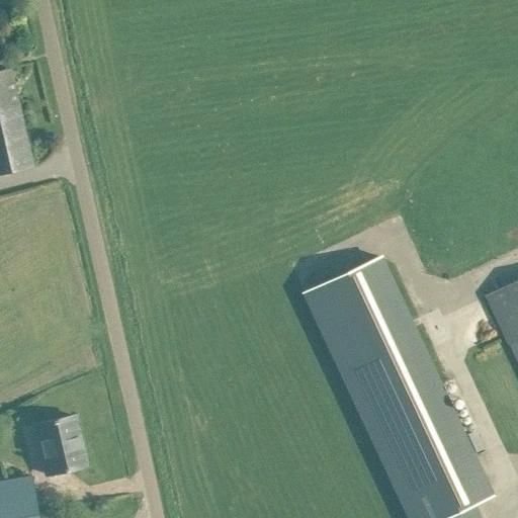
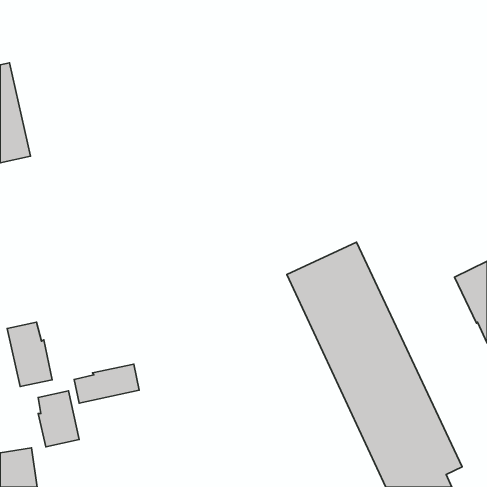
building: none -> [7,322,52,387]
building: none -> [74,364,139,403]

